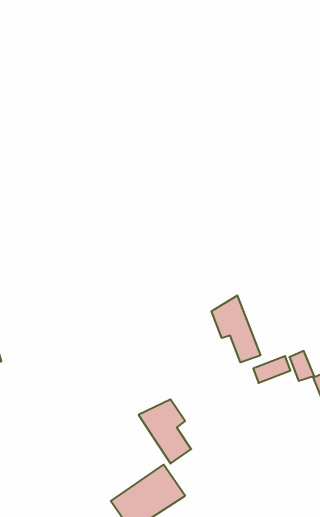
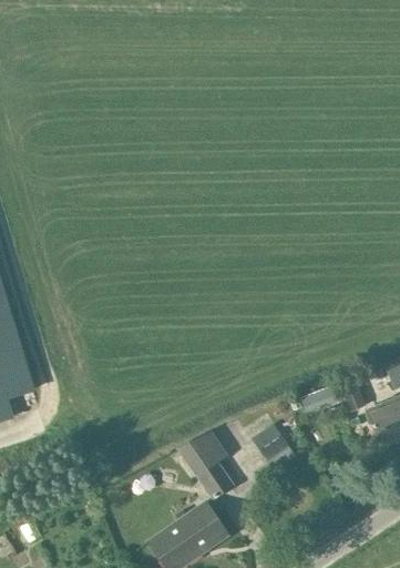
building: [212,295,260,362] -> none
building: none -> [250,423,288,460]

